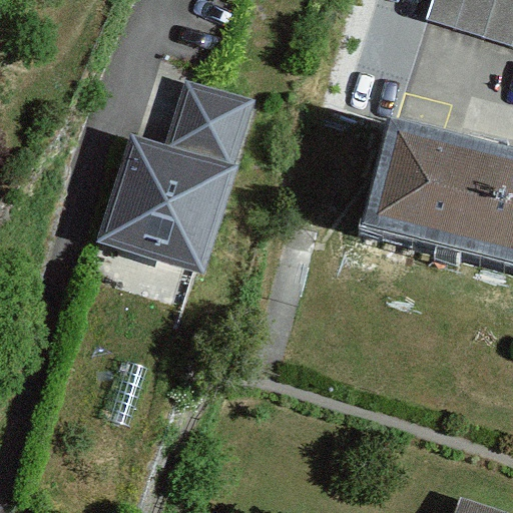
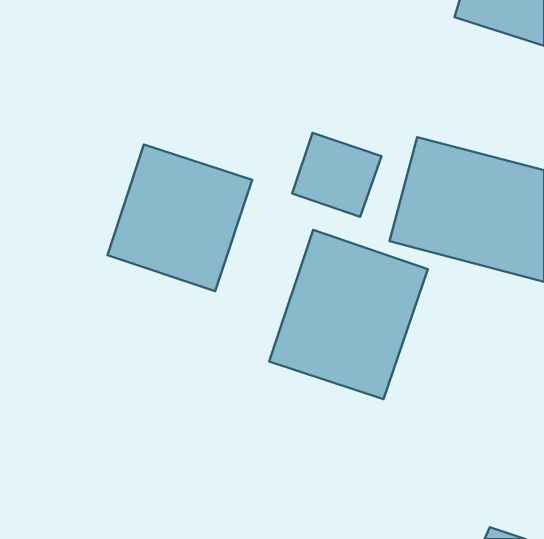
building: [168,80,252,159] -> [292,133,382,217]
building: none -> [269,230,428,399]

